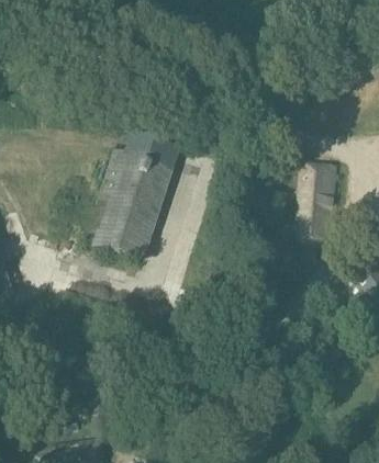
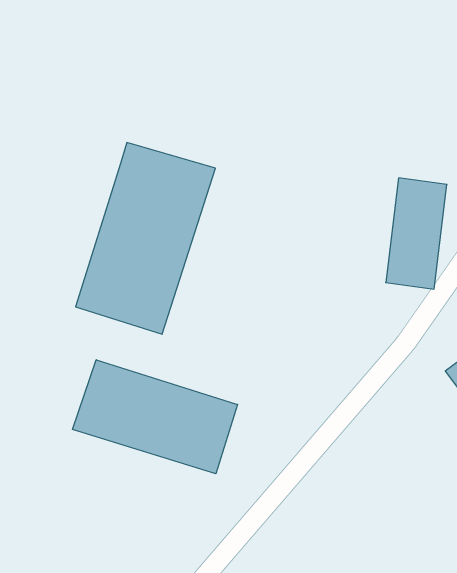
building: none -> [73,360,238,474]

